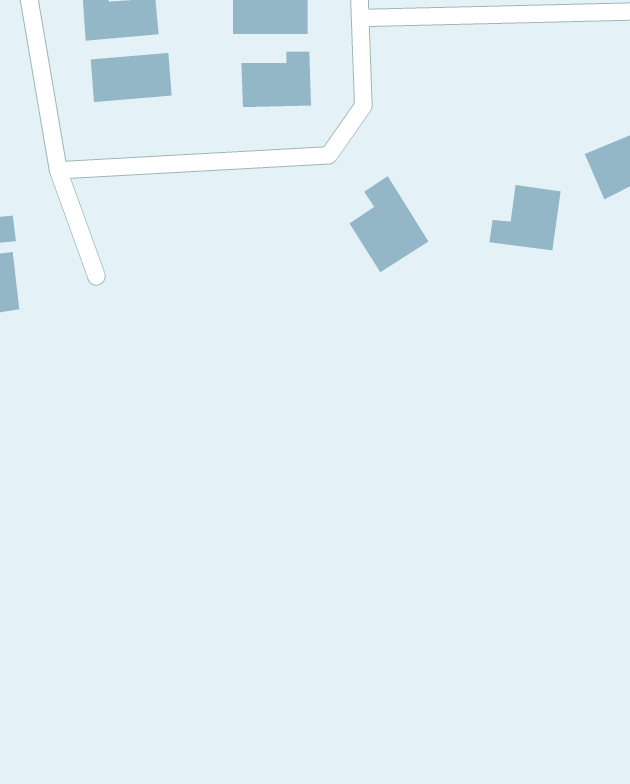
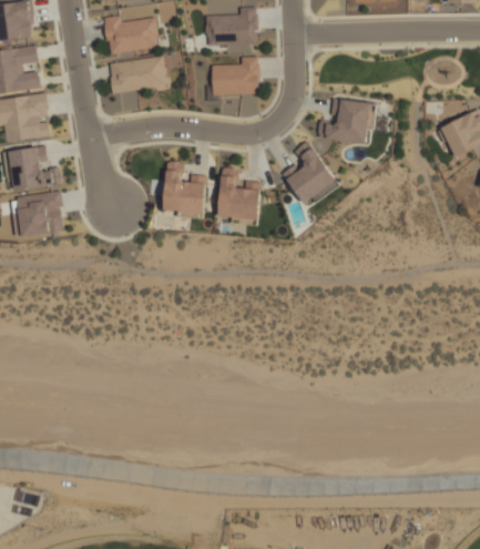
building: [488,185,561,251] -> [323,99,371,143]
building: none -> [164,161,205,218]
building: none -> [218,167,259,224]

